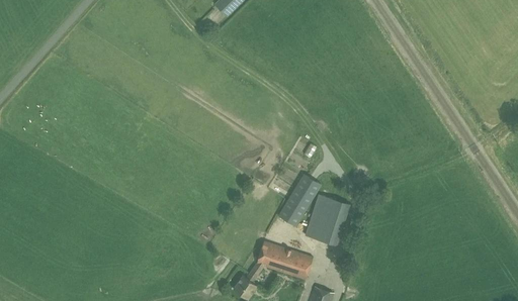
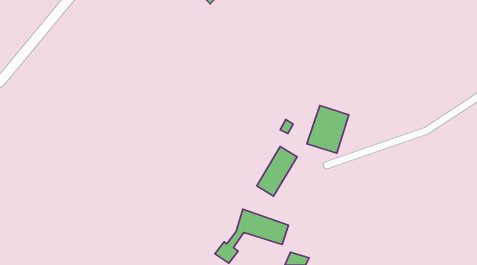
building: [305,193,350,244] -> [307,105,349,153]

